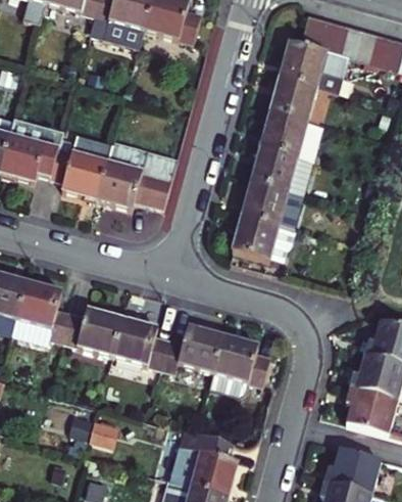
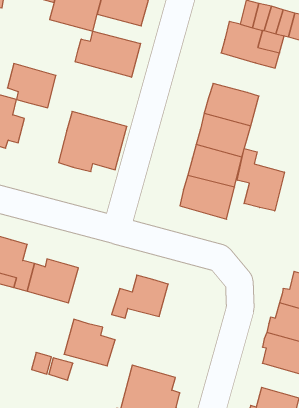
building: none -> [75,31,141,77]
building: [274,74,322,119] -> none
building: [53,148,108,198] -> [7,64,56,108]
building: none -> [237,148,284,211]
building: [110,318,168,371] -> [64,319,115,366]
building: [210,336,270,395] -> none

